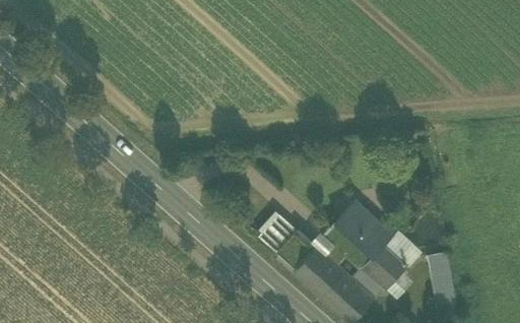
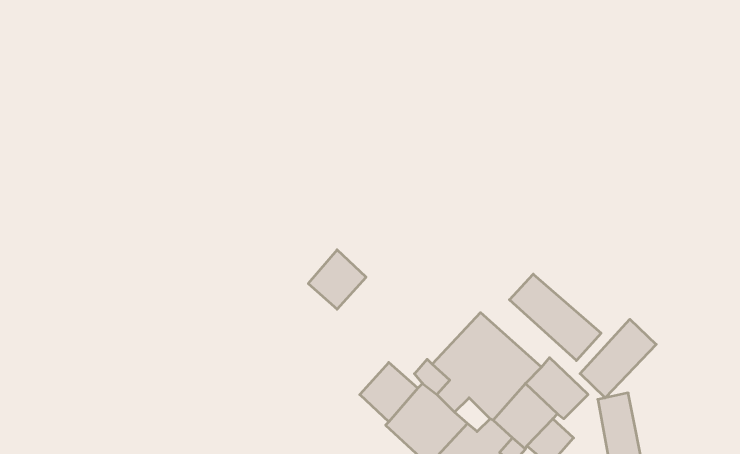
building: none -> [509,274,601,361]
building: none -> [580,319,656,398]
building: [259,215,296,253] -> [308,250,366,309]

